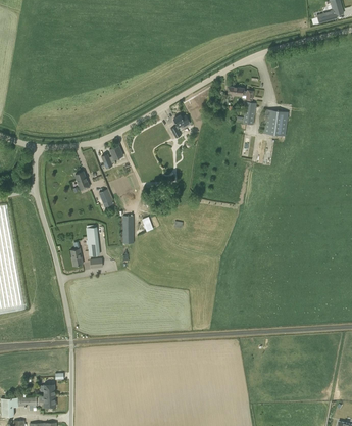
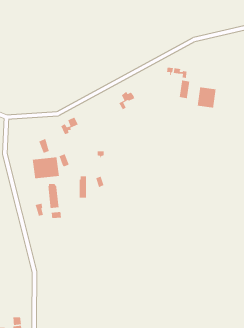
building: none -> [32,156,60,179]

